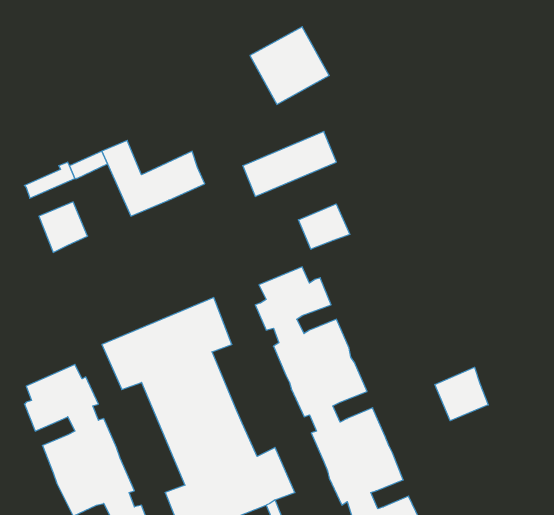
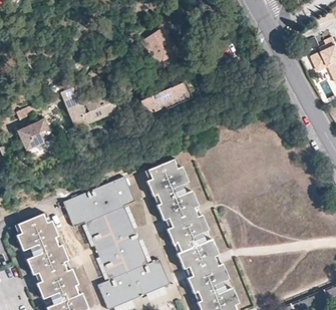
building: [298,204,350,249] -> none
building: [435,367,488,421] -> none

